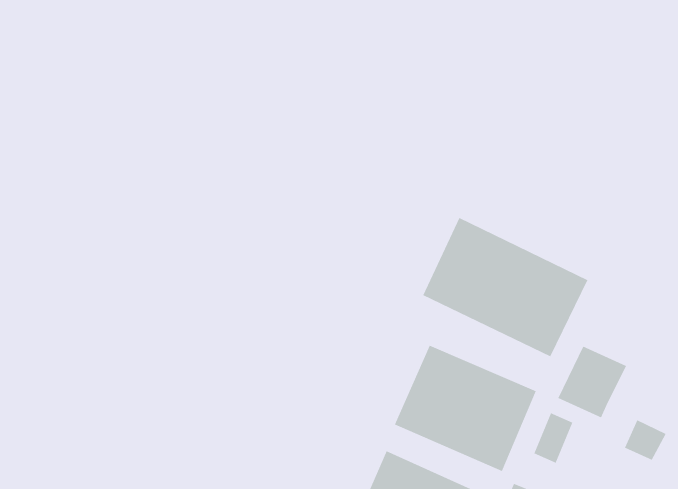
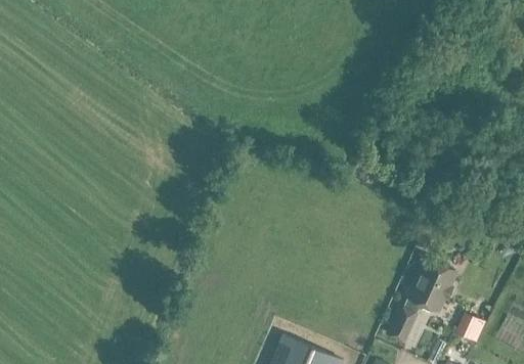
building: [422,217,588,357] -> none
building: [394,345,537,472] -> none

